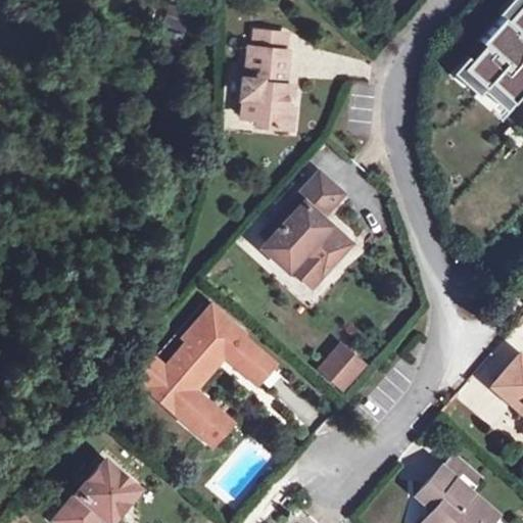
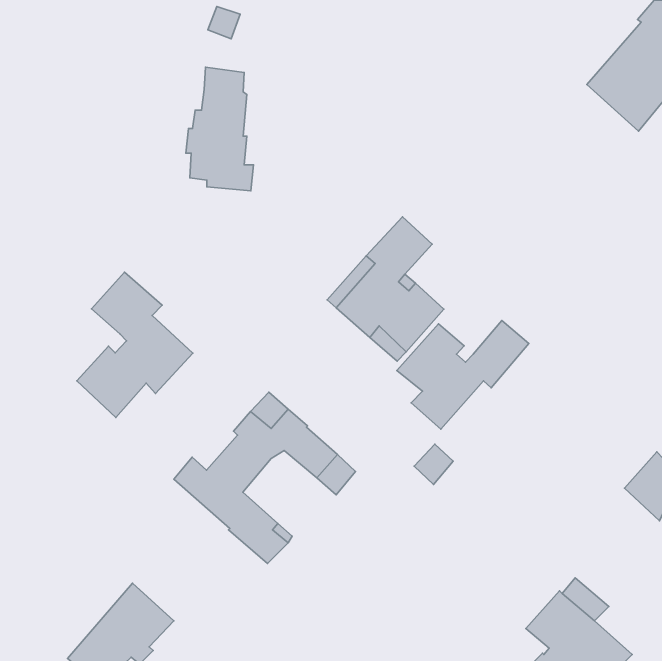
building: [239,32,292,129] -> [186,67,253,191]
building: none -> [77,272,193,418]
building: none -> [397,321,529,429]

